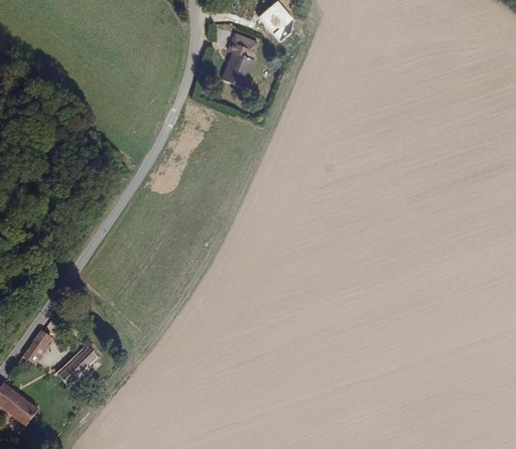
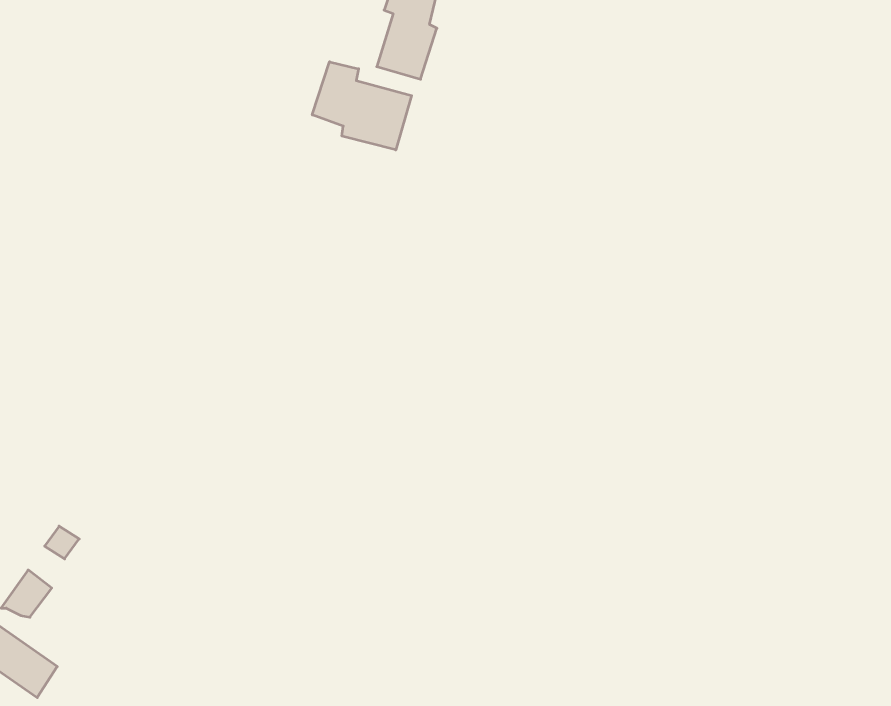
building: none -> [312,62,412,150]
building: [57,345,98,386] -> none

